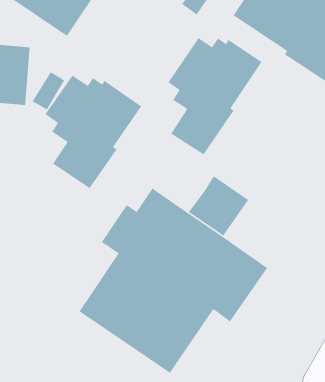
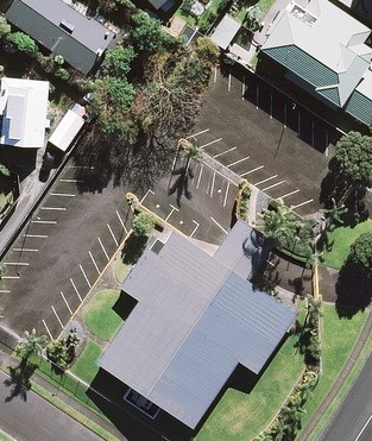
building: [168,37,262,156] -> none
building: [45,74,142,189] -> none

